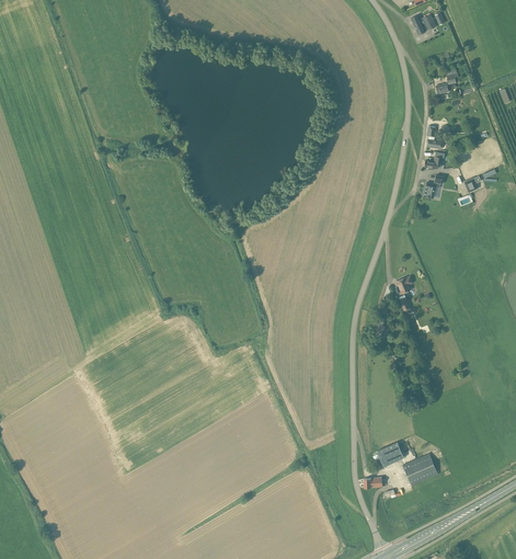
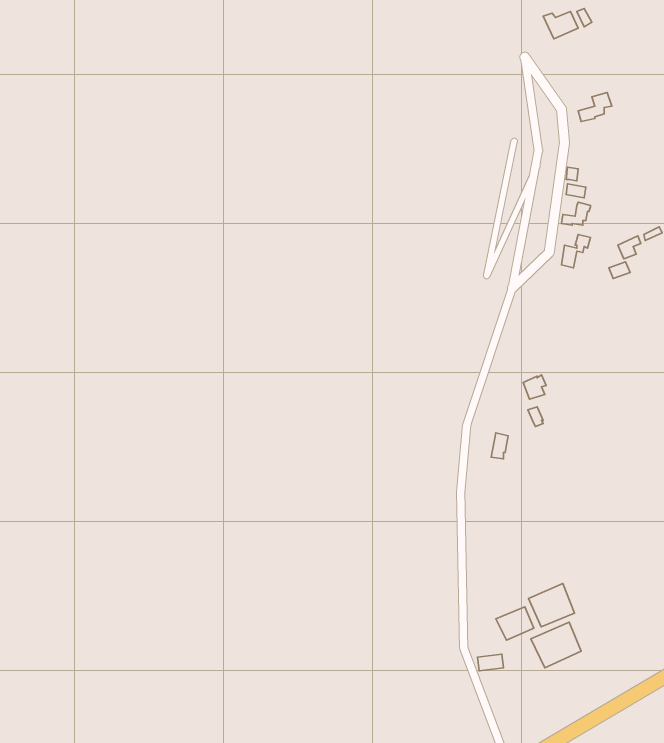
building: none -> [528,584,575,627]

